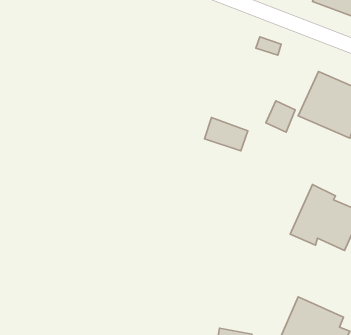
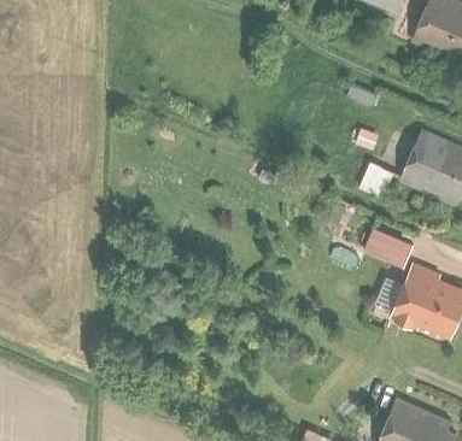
building: [204,118,248,151] -> [359,227,411,266]

